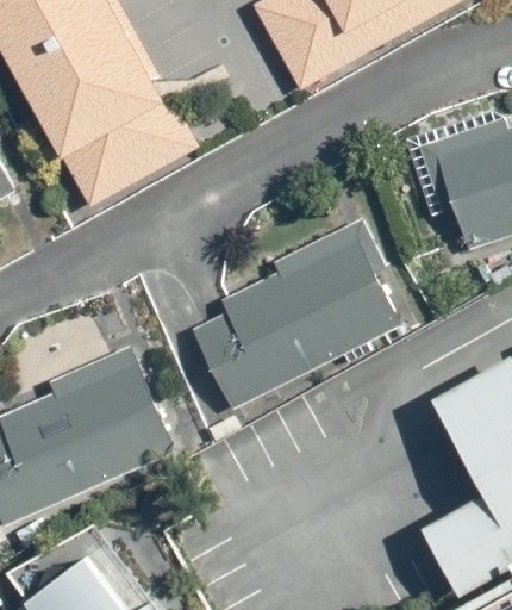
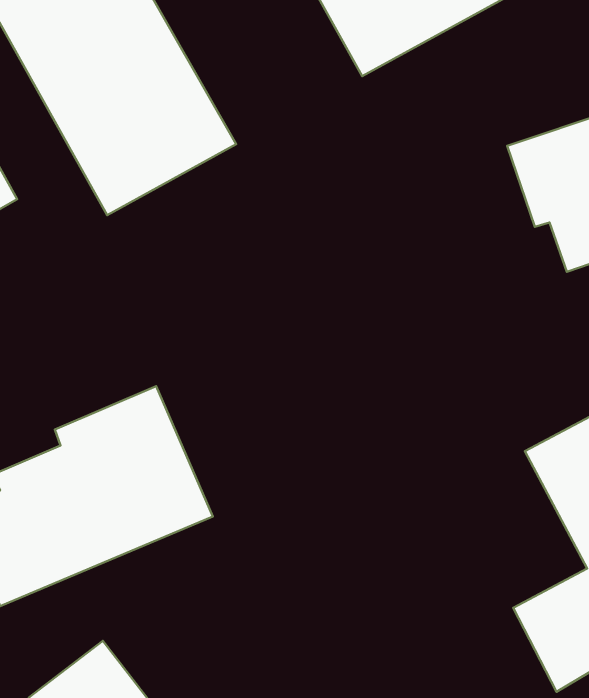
building: [193,217,399,407] -> none

